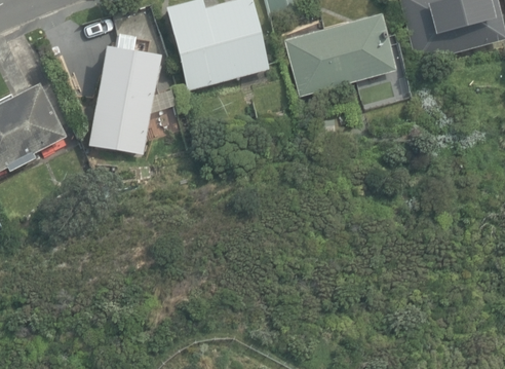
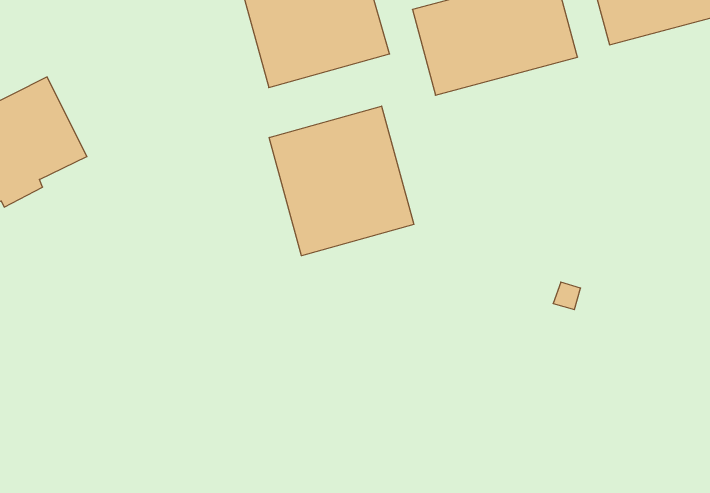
building: [90,46,161,153] -> none
building: none -> [269,106,414,256]

